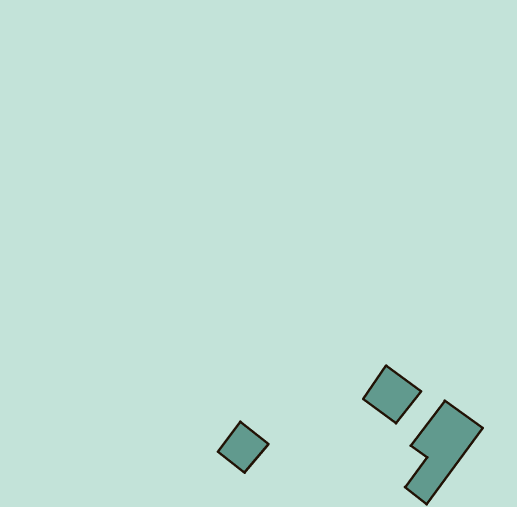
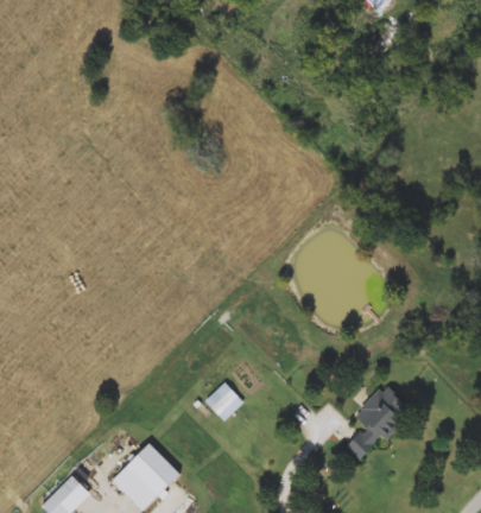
building: [363,366,421,423] -> none

